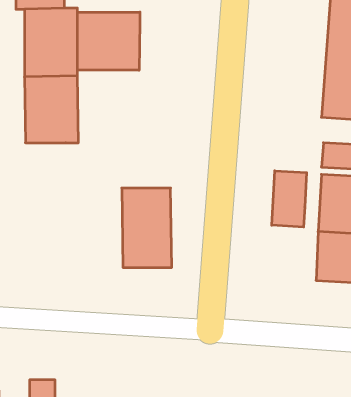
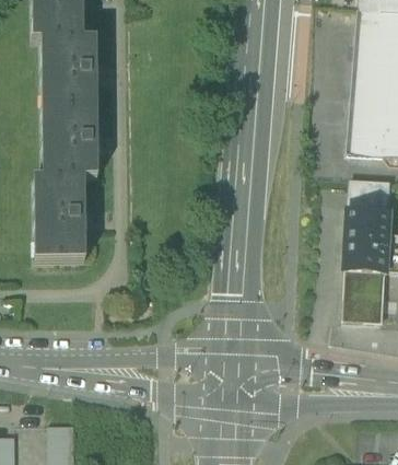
building: [77,12,140,70] -> none
building: [272,171,307,227] -> none
building: [122,188,172,267] -> [34,179,85,261]

